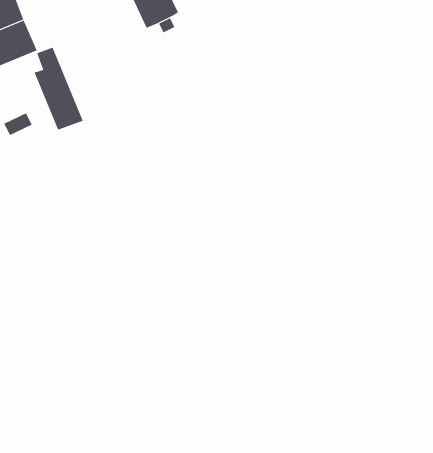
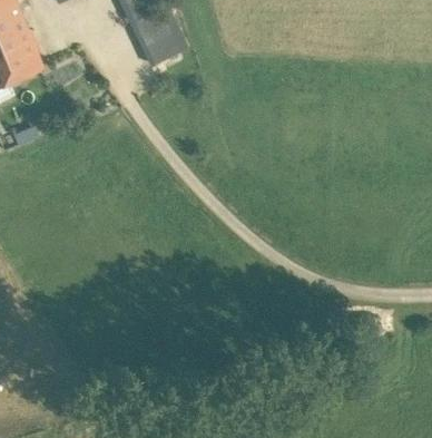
building: [34,47,83,131] -> none

